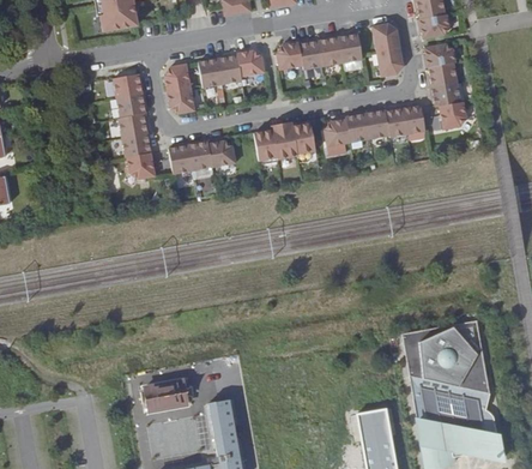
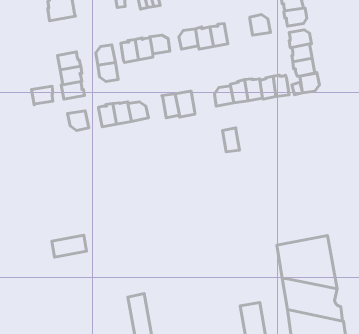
building: [338,32,363,62] -> none
building: [376,47,403,77] -> none
building: [294,122,316,155] -> [222,128,239,152]
building: [122,132,151,157] -> [32,86,53,105]
building: [146,381,193,411] -> [52,235,86,257]

